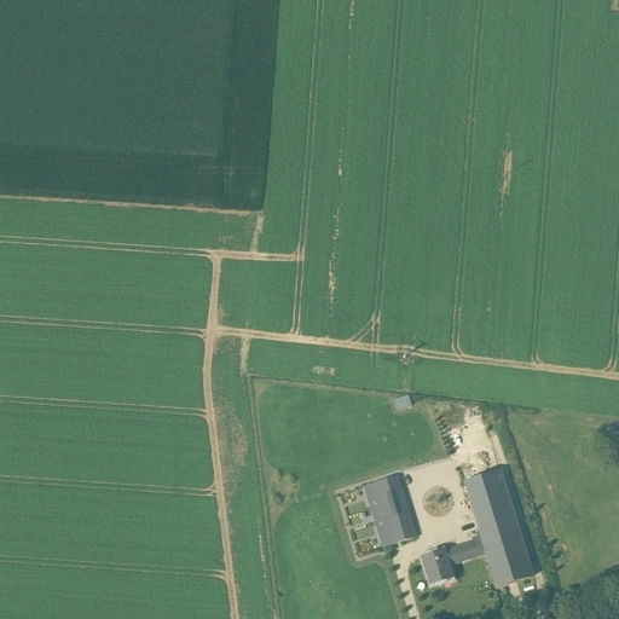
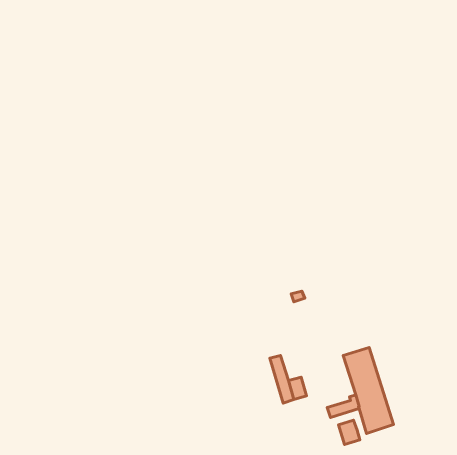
building: [380,474,407,514] -> none
building: [422,550,451,583] -> [338,420,360,444]

